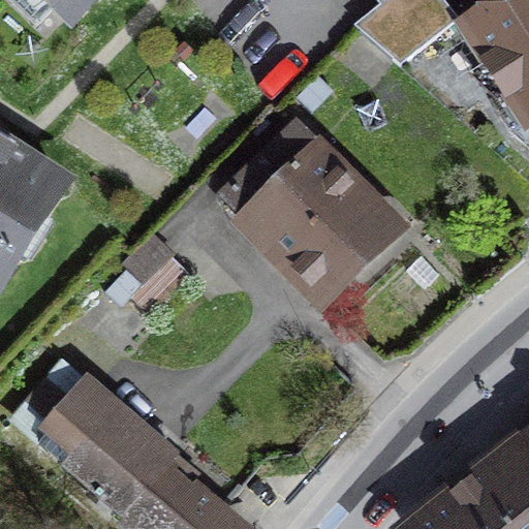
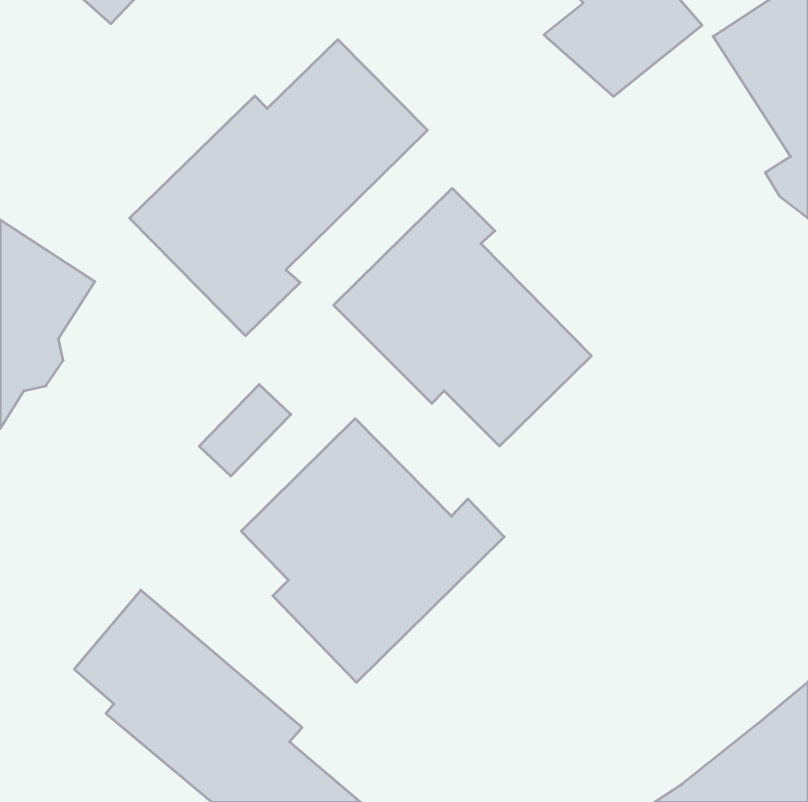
building: none -> [130,40,427,336]
building: none -> [241,419,504,682]

